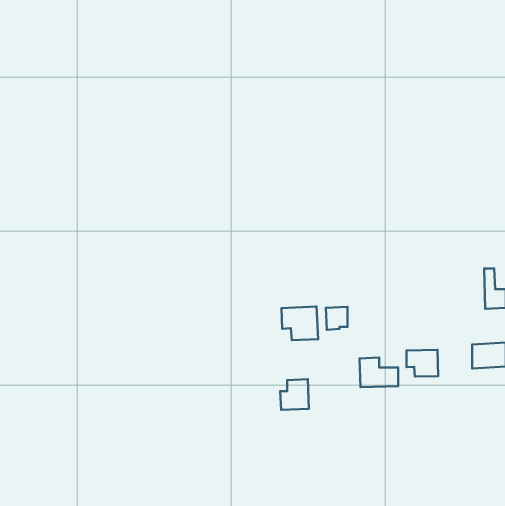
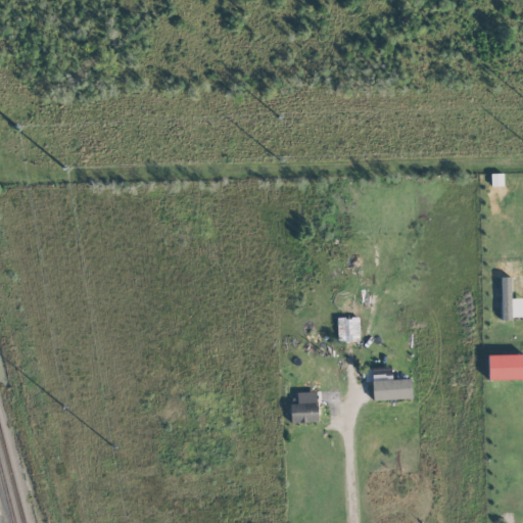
building: [281,307,318,340] -> none
building: [406,350,438,377] -> none

